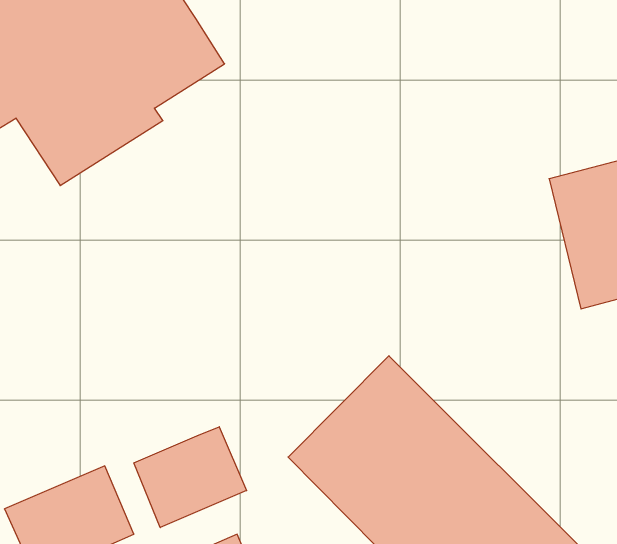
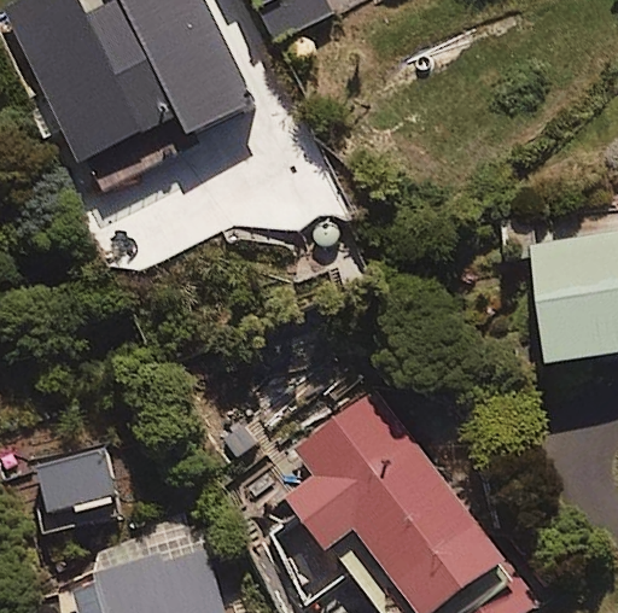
building: [134,427,247,528] -> none

